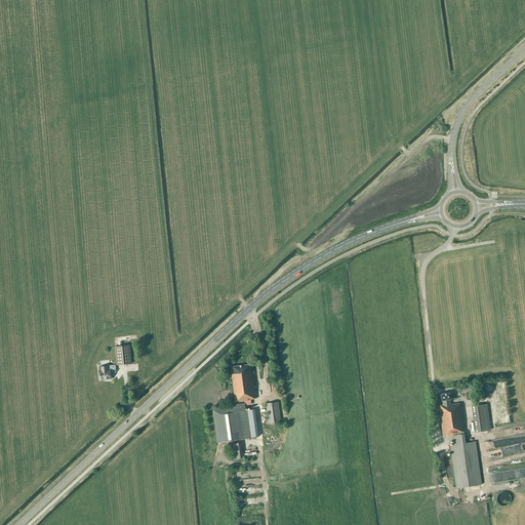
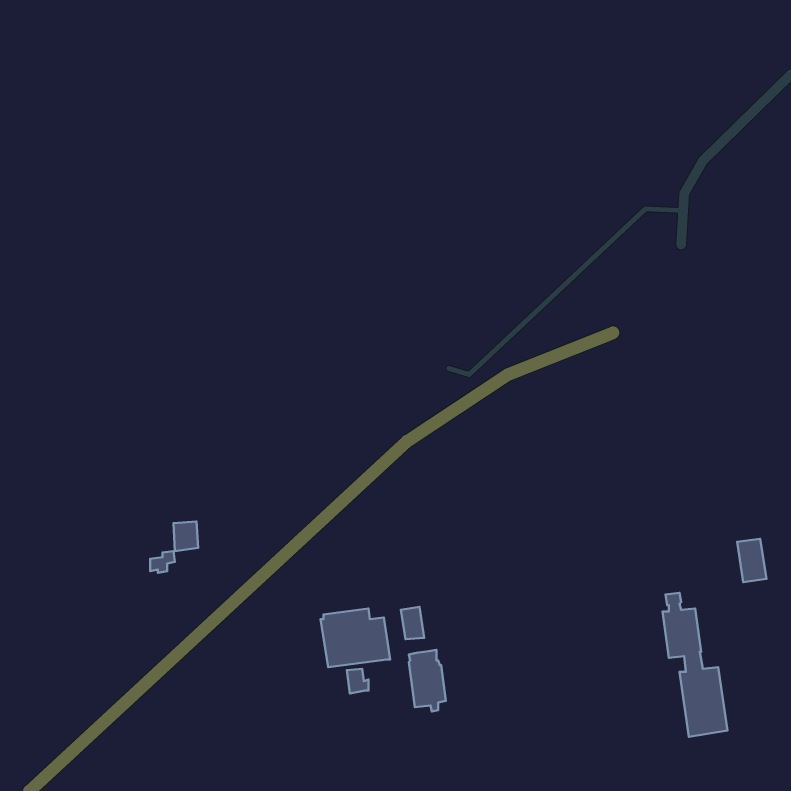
building: [232,364,256,405] -> [409,650,446,712]
building: [472,404,491,433] -> [737,539,767,582]

